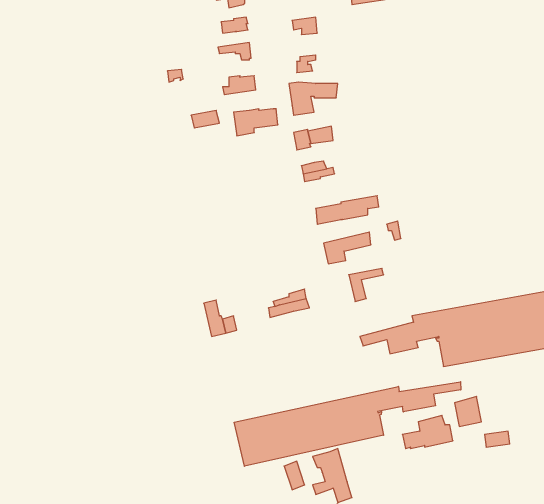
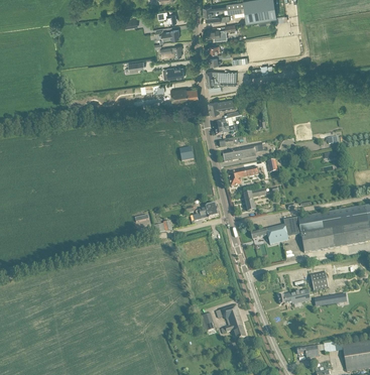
building: [234,382,461,466] -> none

